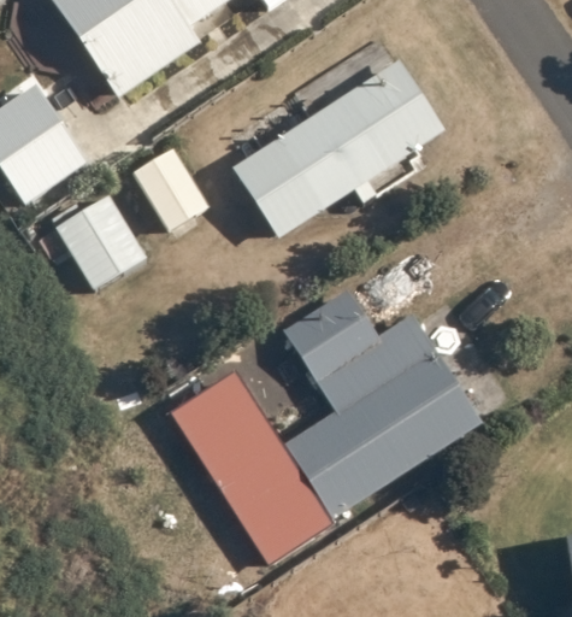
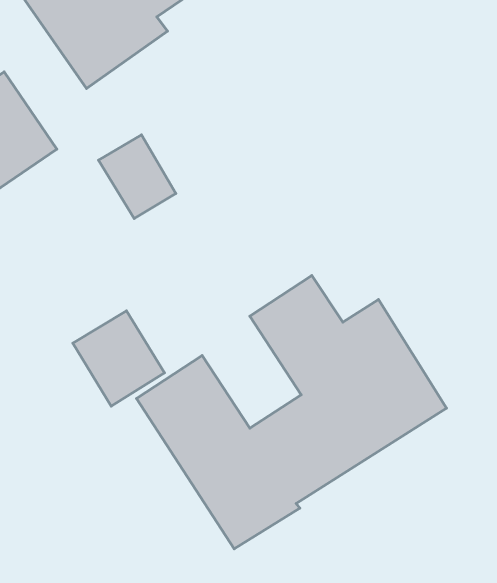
building: [231,60,444,240] -> none
building: [54,193,147,289] -> [73,311,165,406]

